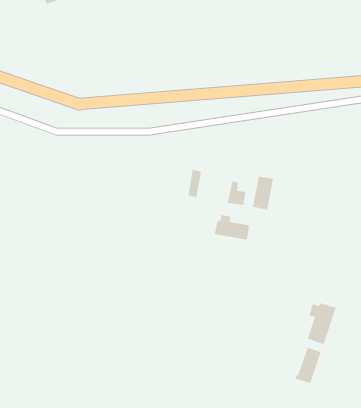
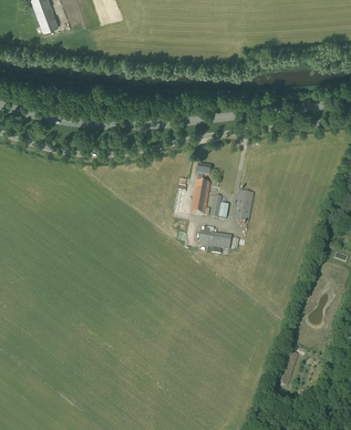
building: none -> [189,165,210,215]
building: [307,302,337,345] -> none

